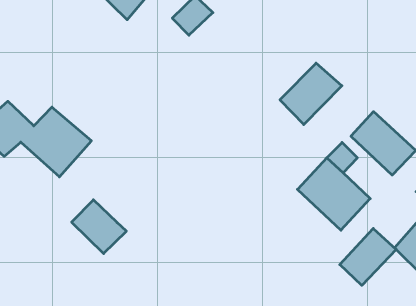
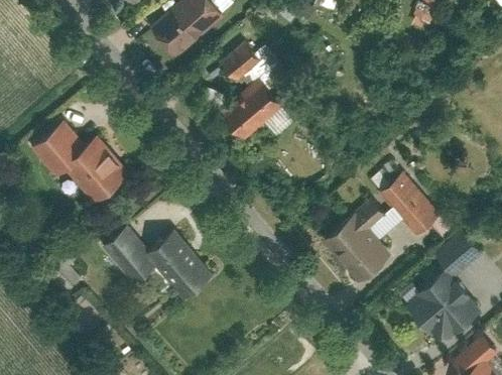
building: [280,63,342,125] -> [224,82,284,139]
building: none -> [146,230,214,300]
building: [340,228,396,285] -> none

